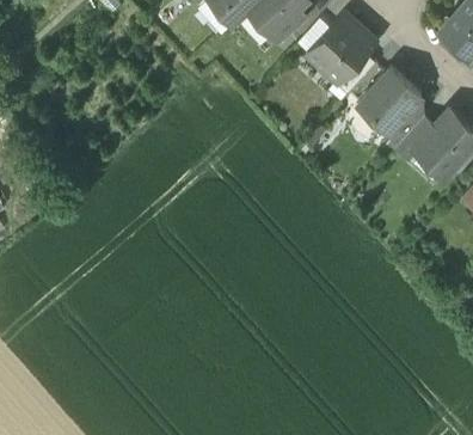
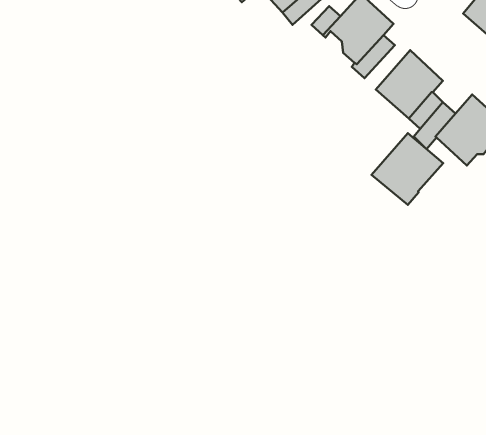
building: none -> [371,133,443,205]

